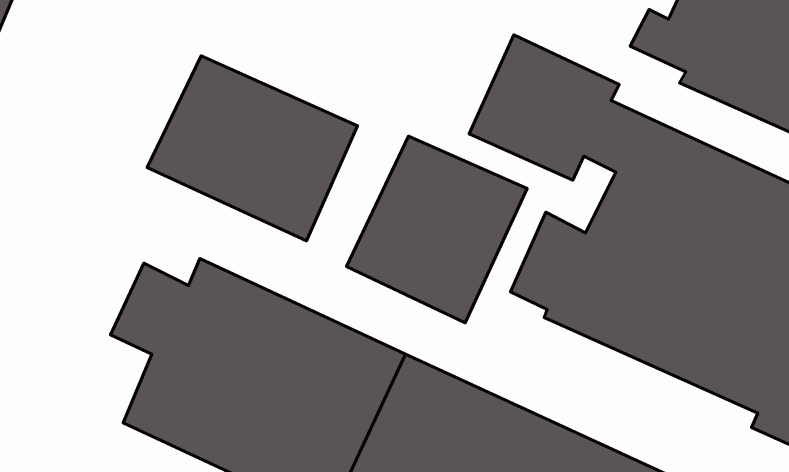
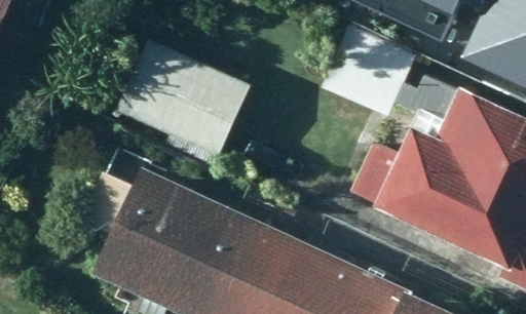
building: [347,136,527,323] -> none

